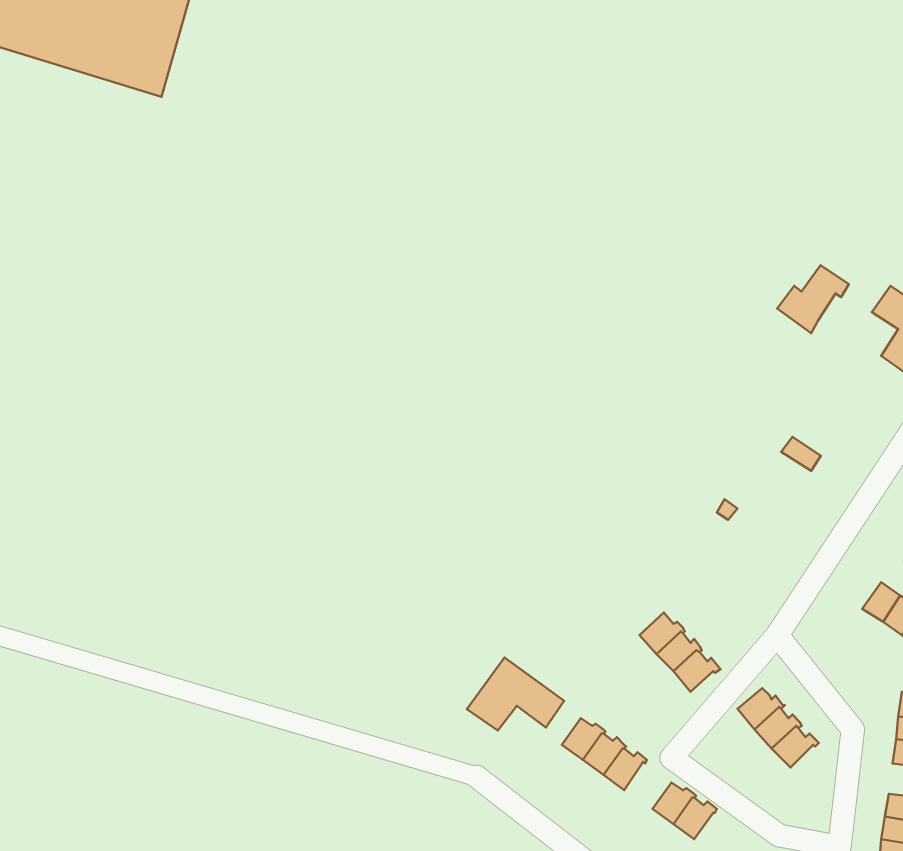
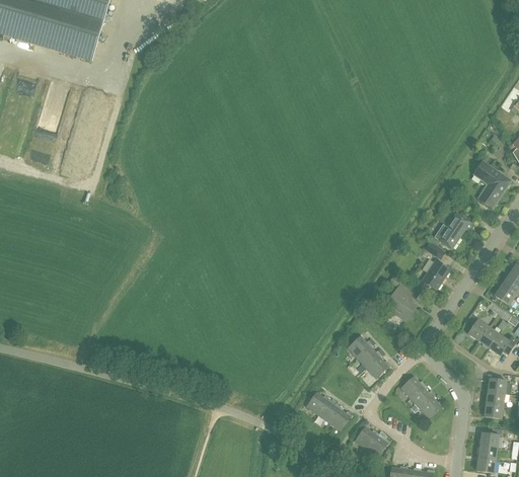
building: [777,265,849,333] -> [433,214,471,250]
building: none -> [416,260,449,294]
building: none -> [388,286,416,321]
building: [467,658,564,731] -> none

